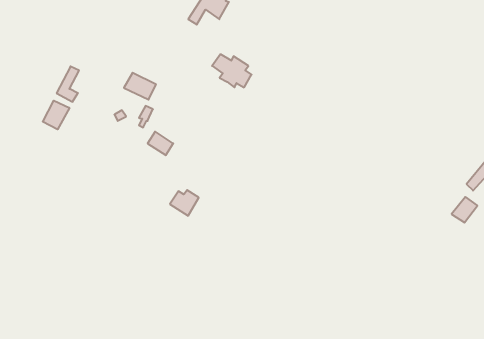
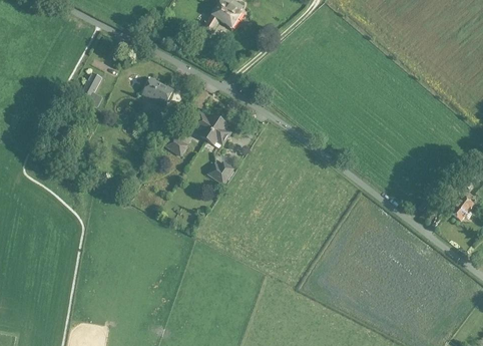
building: [212,54,252,87] -> [193,113,230,144]
building: [43,101,69,129] -> none
building: [170,190,199,216] -> [207,161,234,186]

